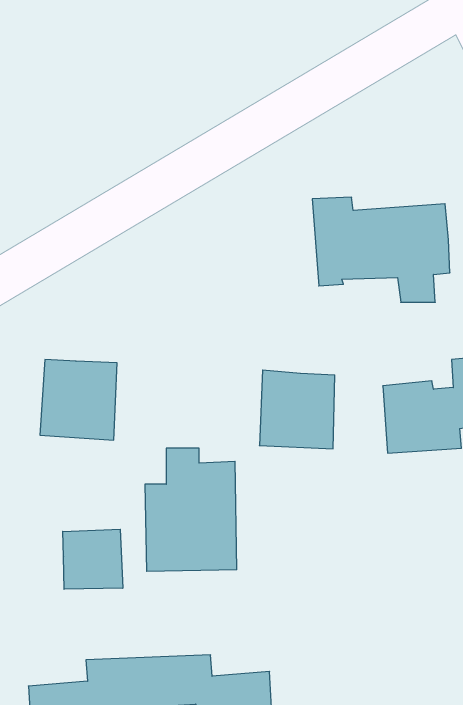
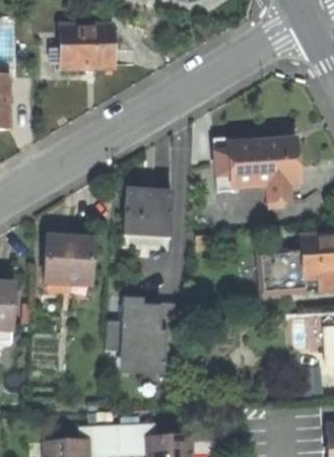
building: none -> [51,23,114,67]
building: [259,370,335,449] -> [125,191,172,240]
building: [63,529,123,589] -> none

